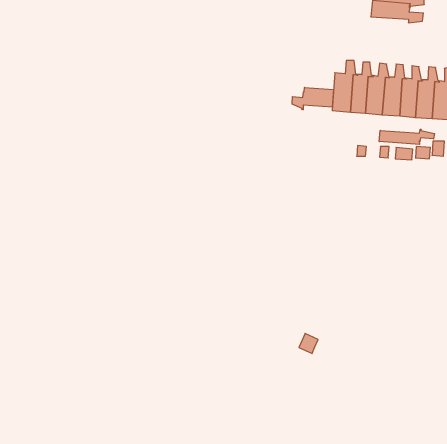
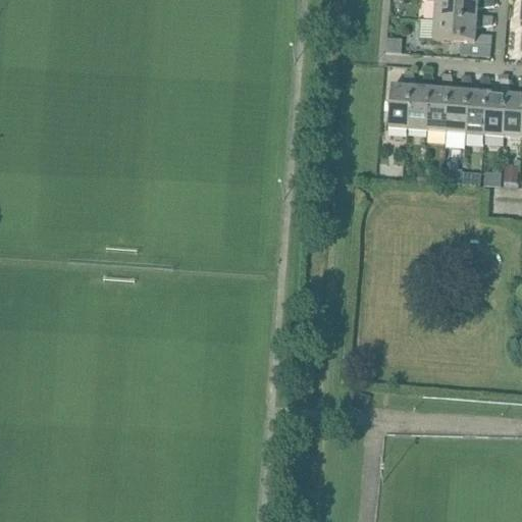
building: none -> [431,19,491,54]
building: [292,87,334,110] -> none
building: [379,129,435,144] -> none

